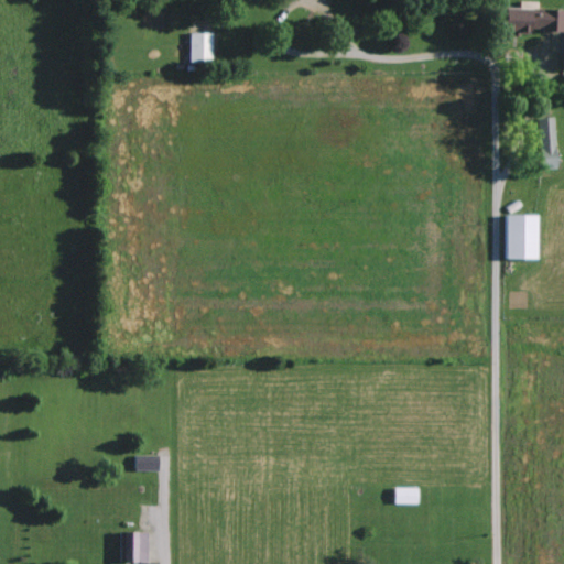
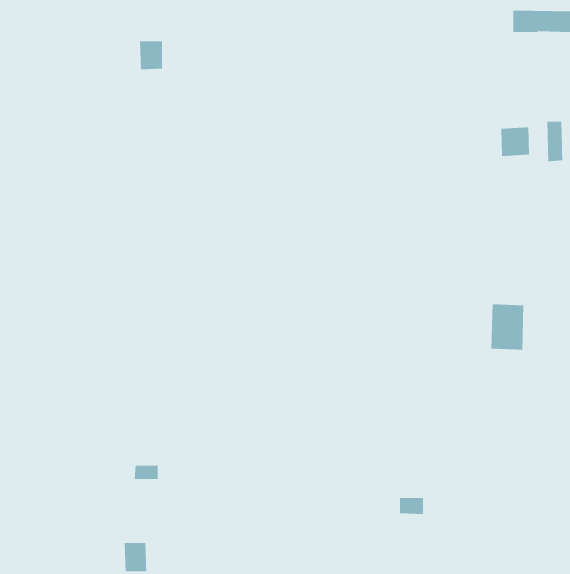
building: [191,34,214,63] -> [139,41,163,70]
building: none -> [501,127,530,157]
building: [507,214,540,259] -> [491,304,524,350]

